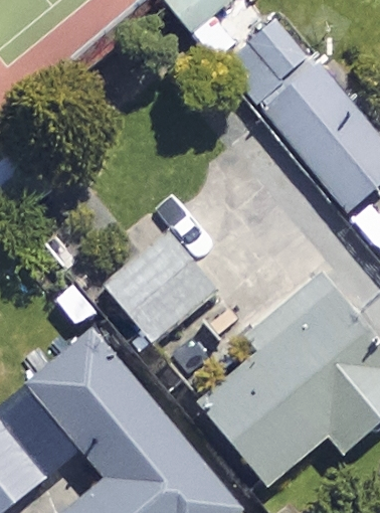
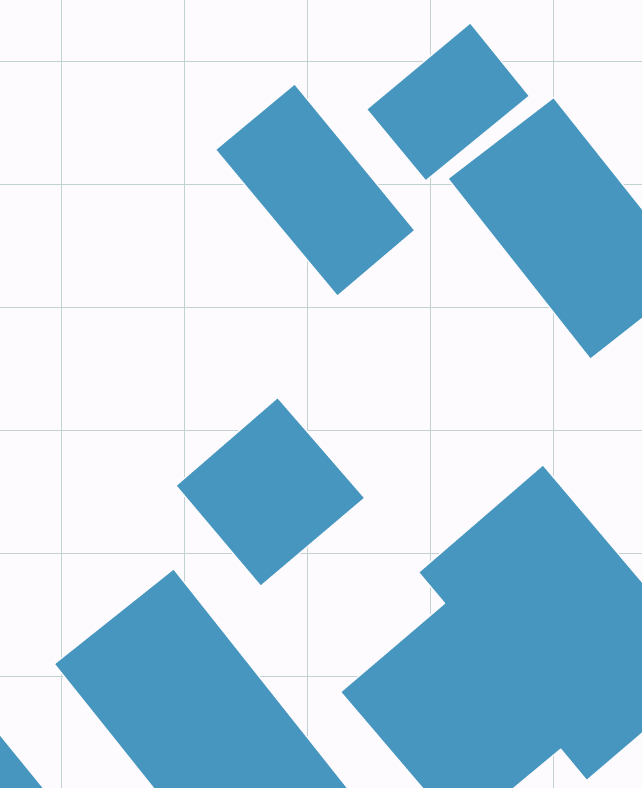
building: none -> [216,84,415,296]

